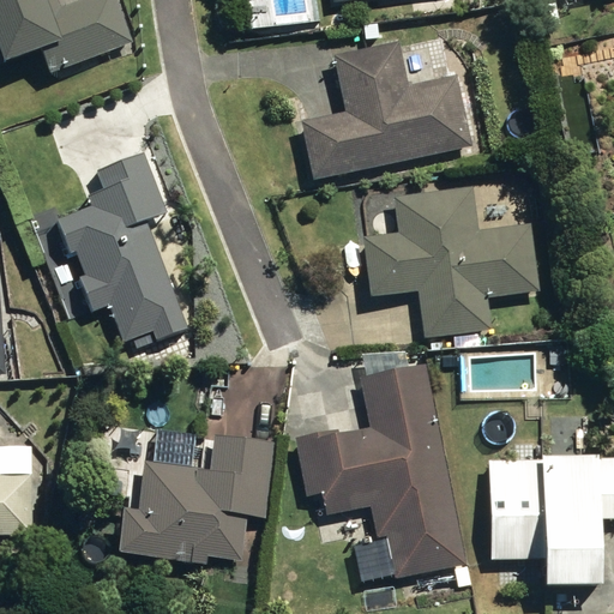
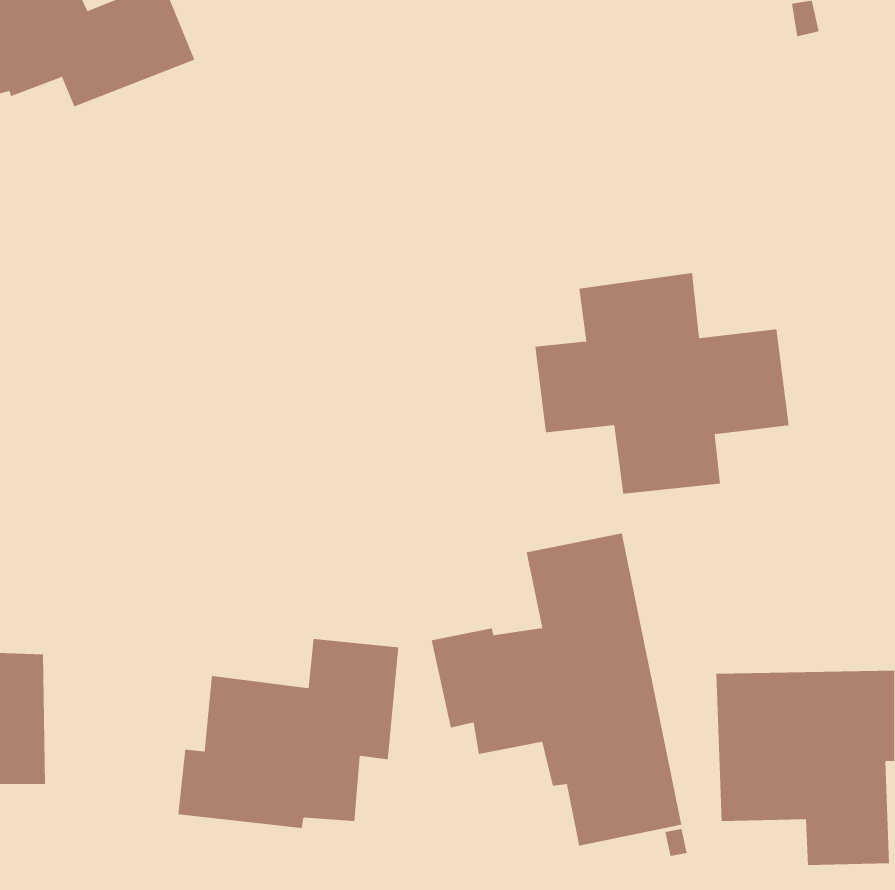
building: [301,41,472,179] -> none
building: [58,152,187,341] -> none

